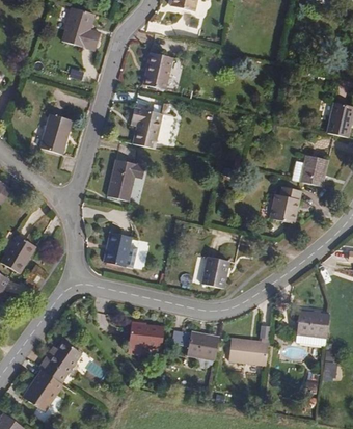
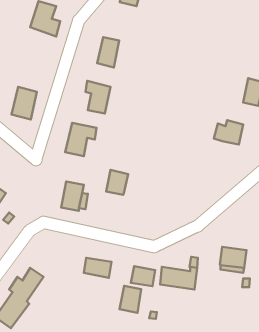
building: [270,188,300,223] -> none
building: [201,259,228,290] -> [106,170,128,195]
building: none -> [119,286,141,313]

